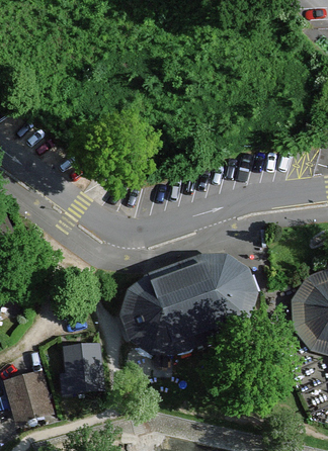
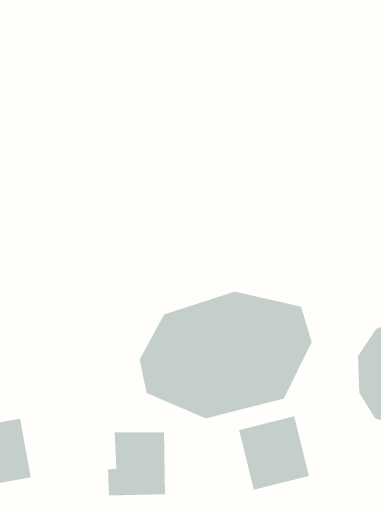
building: [59,342,104,393] -> [107,432,166,496]
building: none -> [239,416,309,490]

